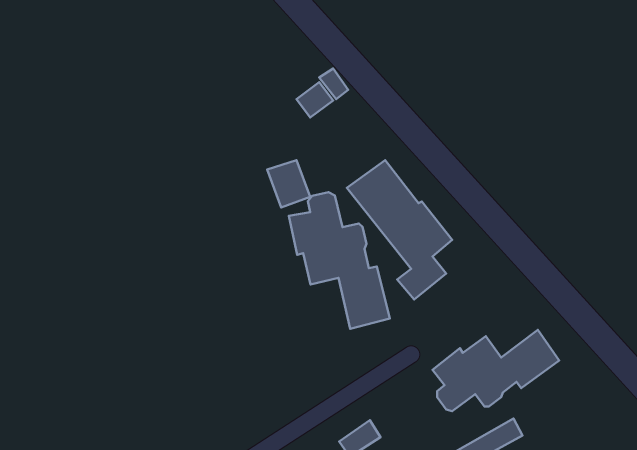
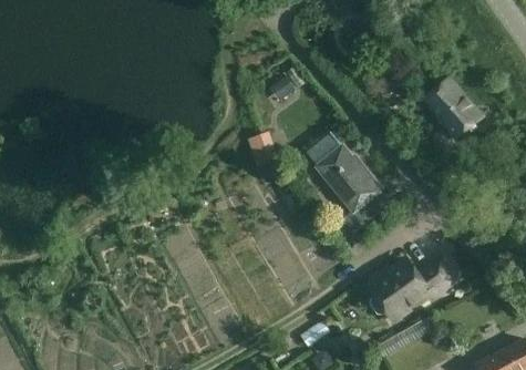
building: none -> [422,75,483,140]
building: [289,192,390,329] -> none

